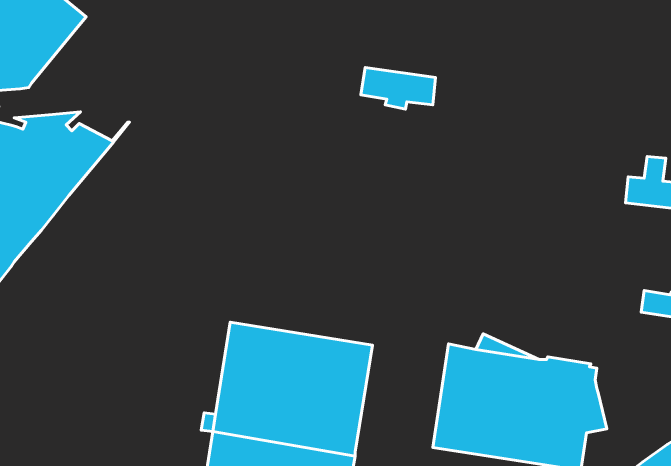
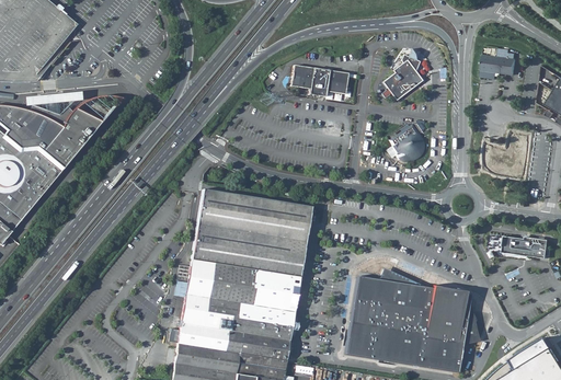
building: none -> [481,48,517,80]
building: none -> [382,49,423,101]
building: none -> [390,126,423,162]
building: none -> [191,189,311,277]

